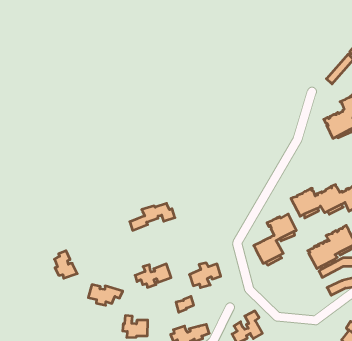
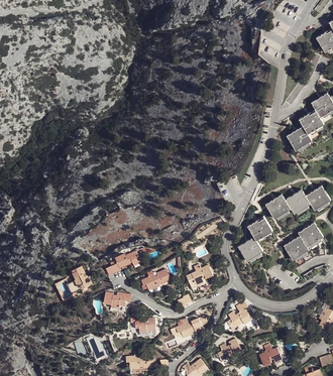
building: [130,203,175,230] -> [105,250,142,275]

